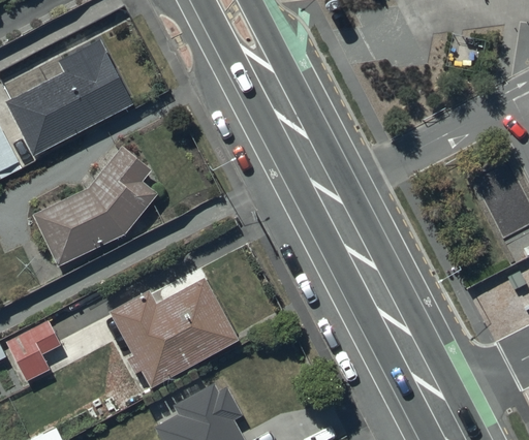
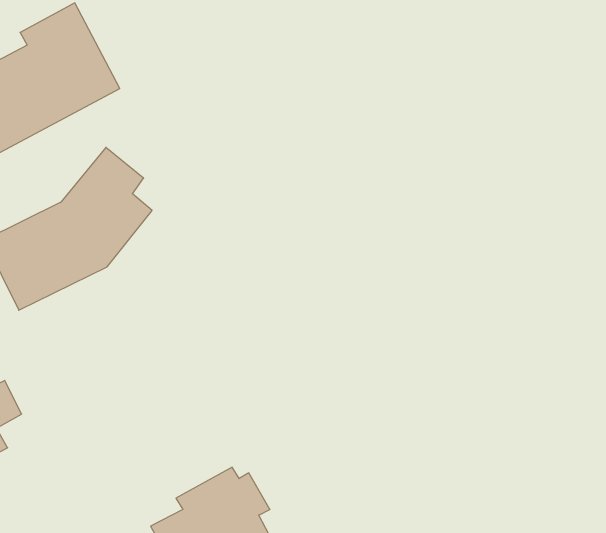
building: [110,276,239,387] -> none

